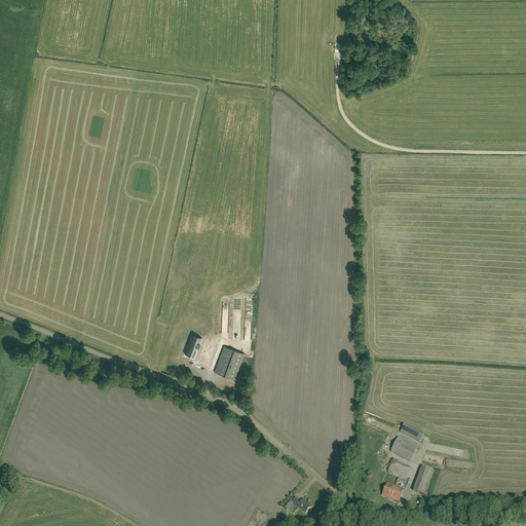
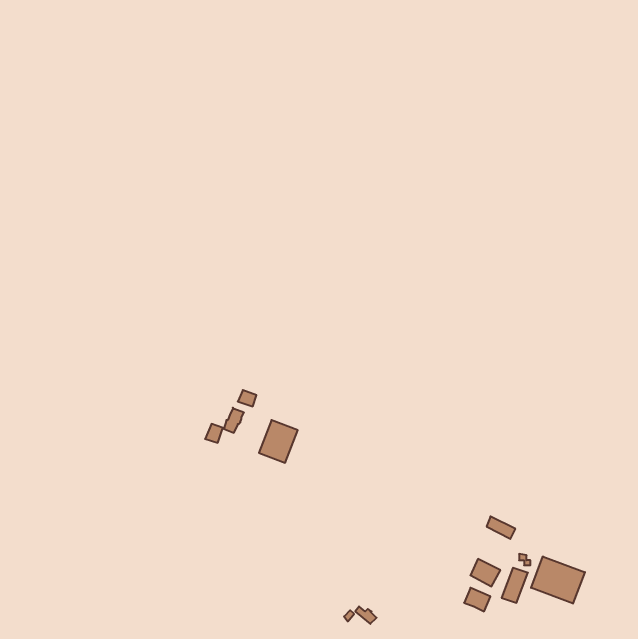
building: [389,437,417,461] -> none
building: none -> [531,556,585,604]

